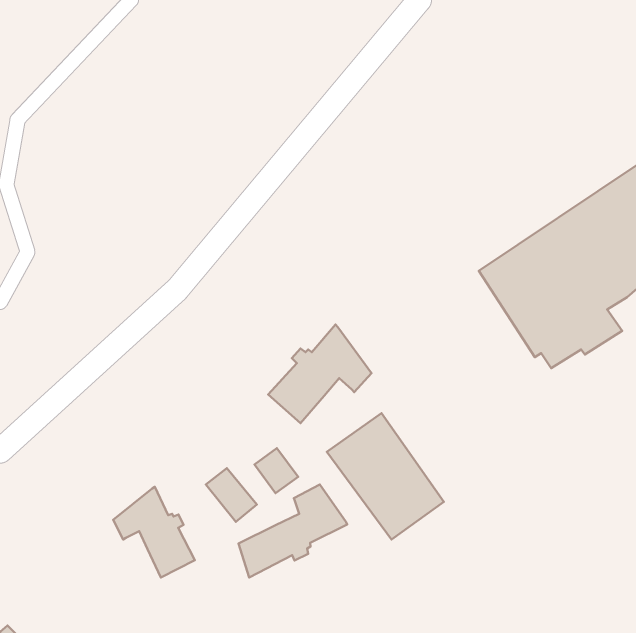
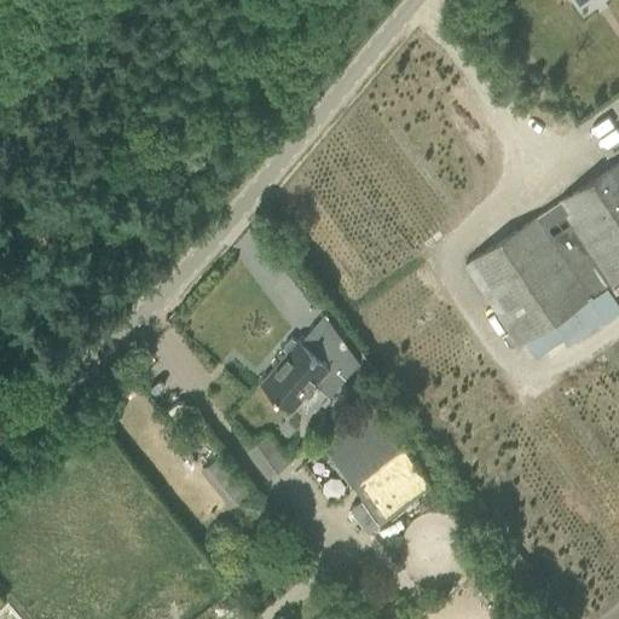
building: [238,485,347,577] -> none
building: [113,487,195,577] -> none

